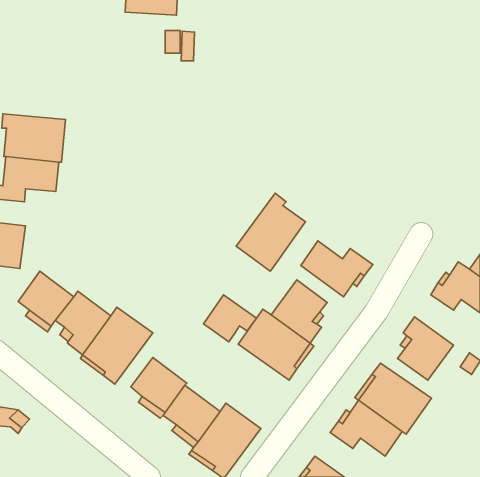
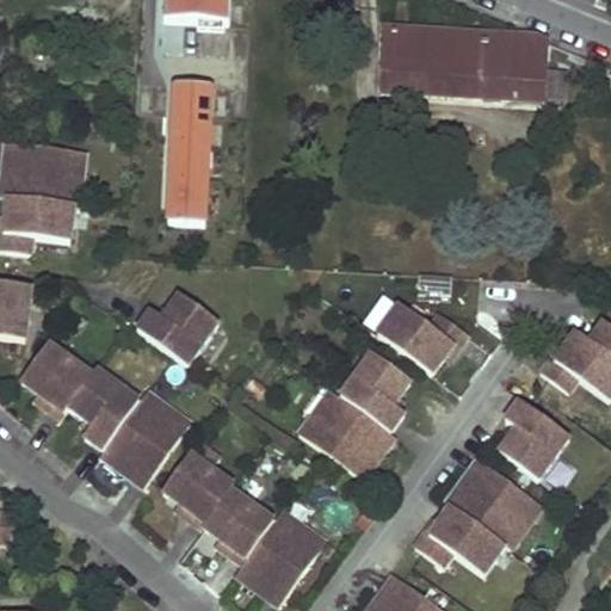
building: none -> [377,21,561,98]
building: none -> [160,80,208,218]
building: [236,193,306,271] -> none
building: none -> [132,289,215,360]
building: [203,295,256,342] -> none

